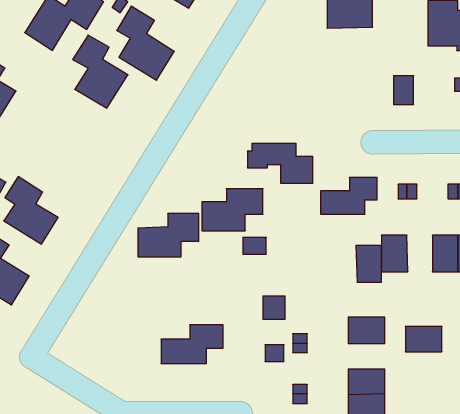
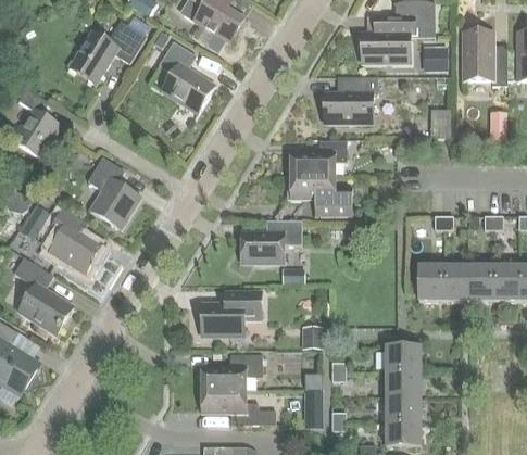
building: none -> [423,46,447,71]
building: [73,35,128,108] -> [86,156,140,228]
building: none -> [326,76,376,122]
building: [321,178,377,214] -> [290,139,346,175]
building: [138,214,199,257] -> [201,291,261,333]
building: [356,245,381,282] -> [442,265,467,301]
building: [405,326,442,352] -> [385,371,421,396]
building: none -> [303,390,322,427]
building: none -> [201,391,275,424]

